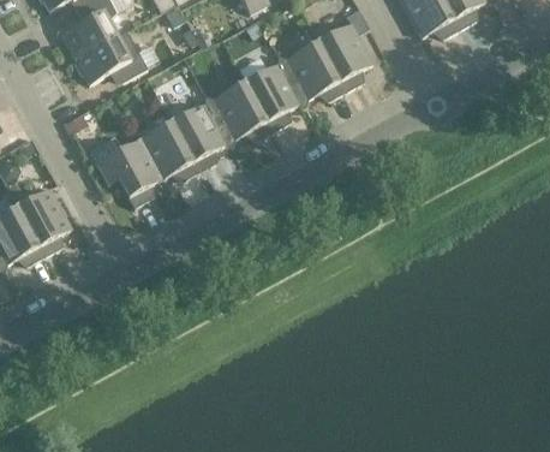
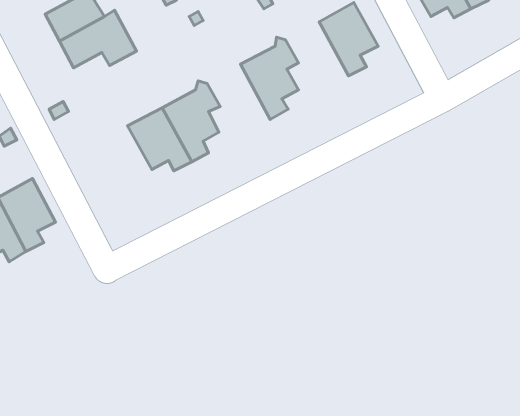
building: [285,40,343,106] -> none
building: [211,79,270,145] -> none
building: [95,137,160,206] -> none

